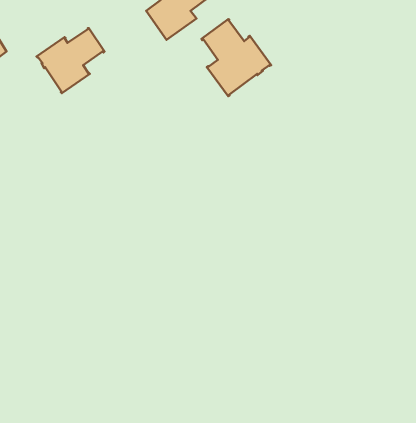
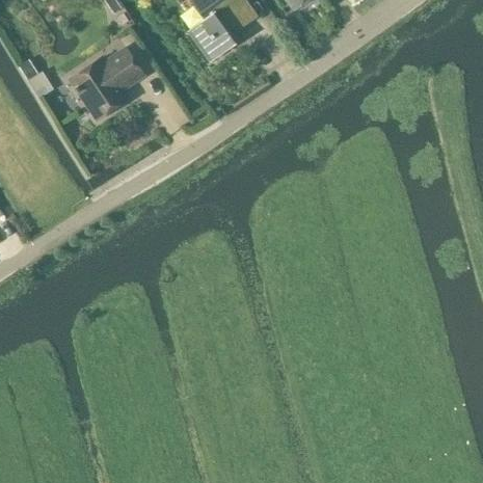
building: [201,19,271,96] -> none

